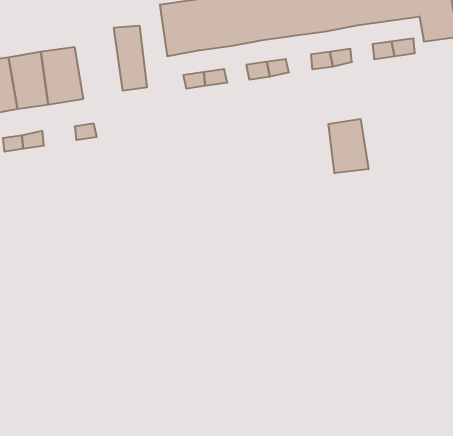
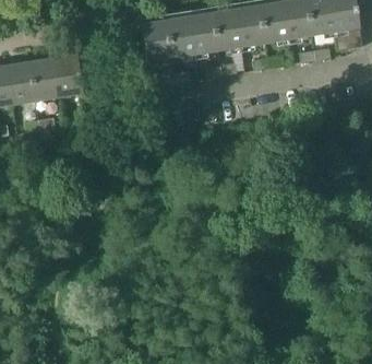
building: [114,26,147,91] -> none
building: [329,119,368,173] -> none

